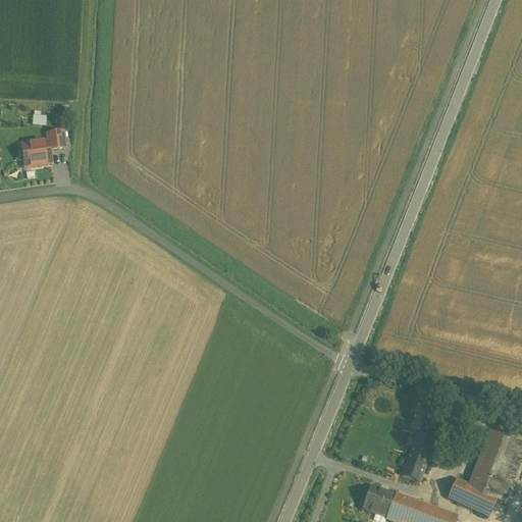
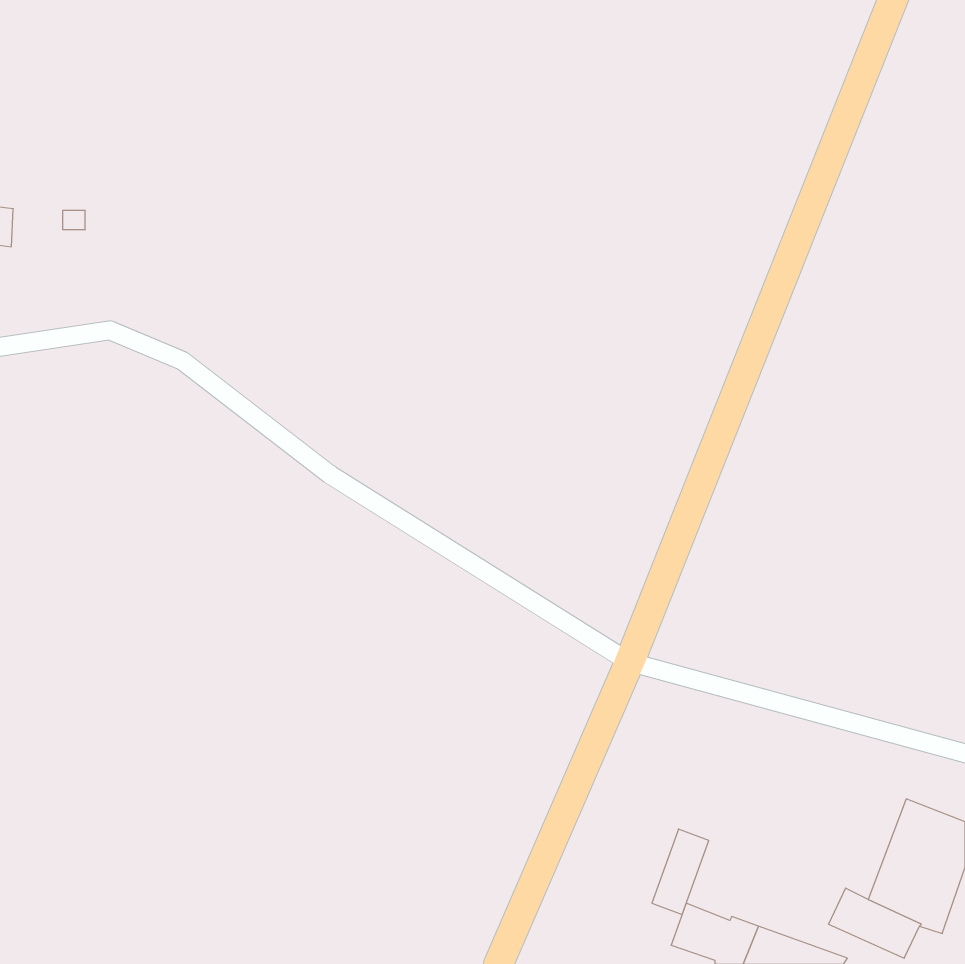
building: [19,129,62,165] -> none
building: [401,434,431,480] -> [652,829,709,914]

